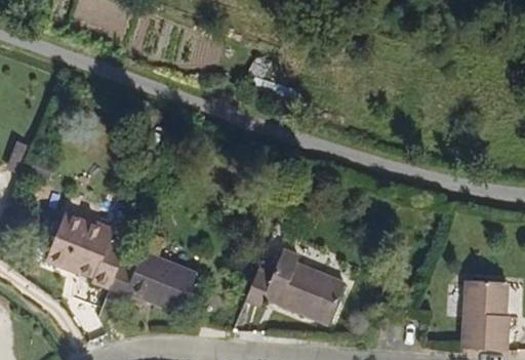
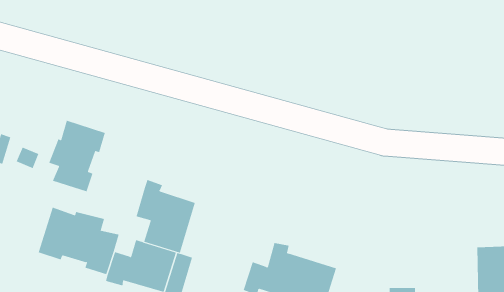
building: none -> [49,120,106,192]
building: none -> [136,179,195,253]

